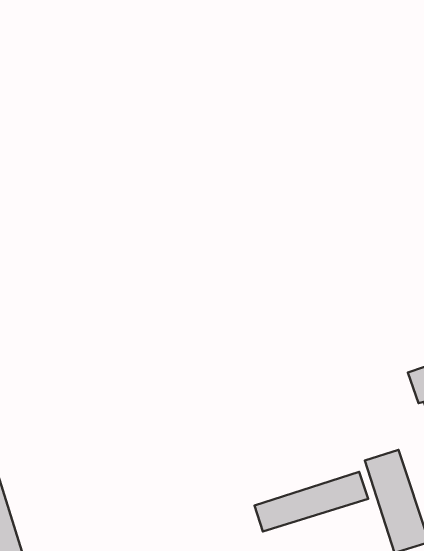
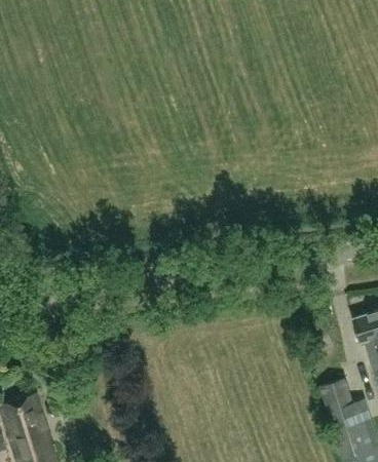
building: [254,472,368,531] -> none

